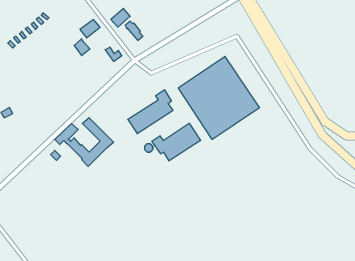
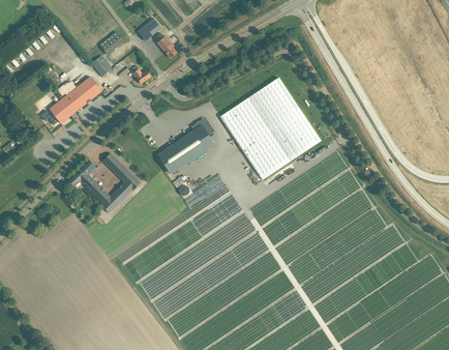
building: none -> [50,77,101,123]
building: [152,123,201,161] -> none

